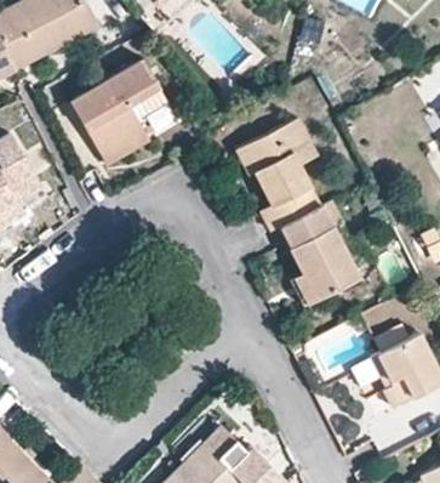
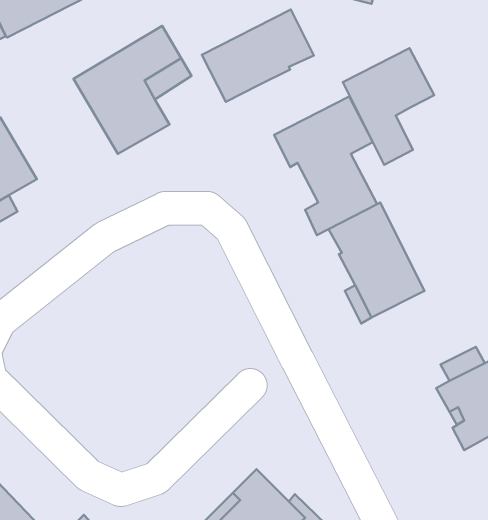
building: none -> [202,9,314,102]
building: none -> [343,48,434,165]

